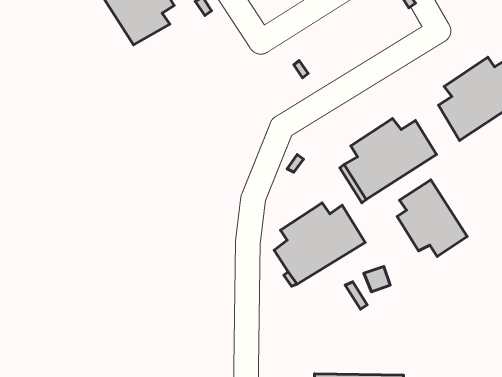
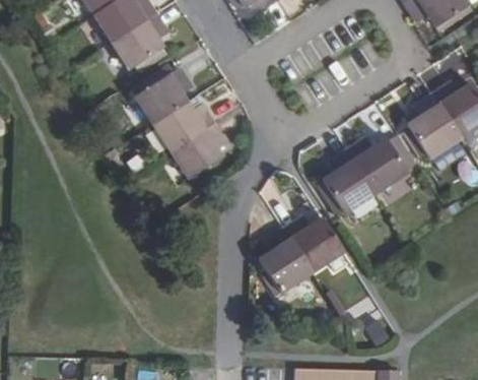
building: none -> [136,70,225,186]
building: [397,180,467,256] -> none

